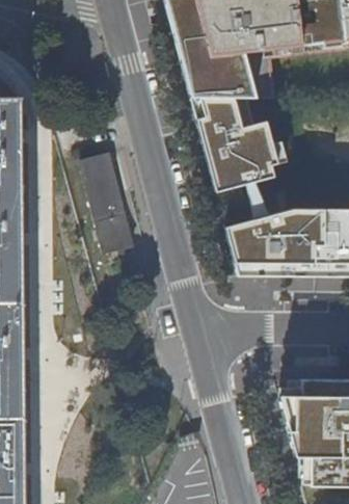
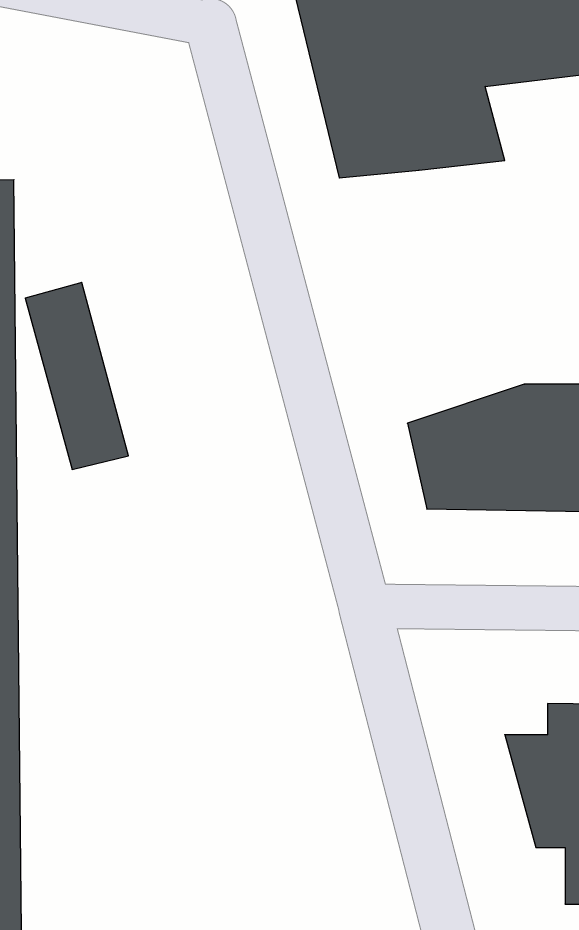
building: [192,95,290,191] -> none
building: [84,155,139,255] -> [25,282,128,469]

